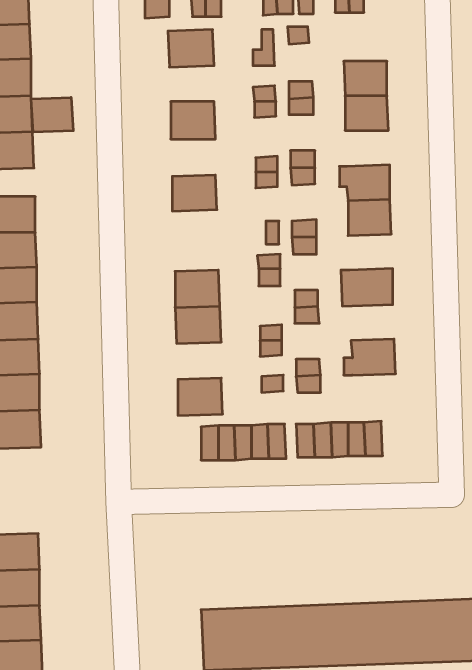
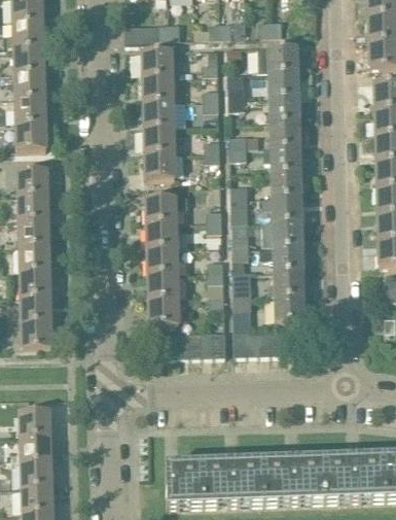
building: none -> [258,45,298,72]
building: none -> [143,74,175,100]
building: [31,97,73,132] -> none
building: none -> [268,120,300,146]
building: none -> [144,127,176,153]
building: none -> [146,195,188,221]
building: none -> [271,195,302,220]
building: none -> [261,245,303,271]
building: none -> [148,272,180,299]
building: none -> [274,294,304,320]

